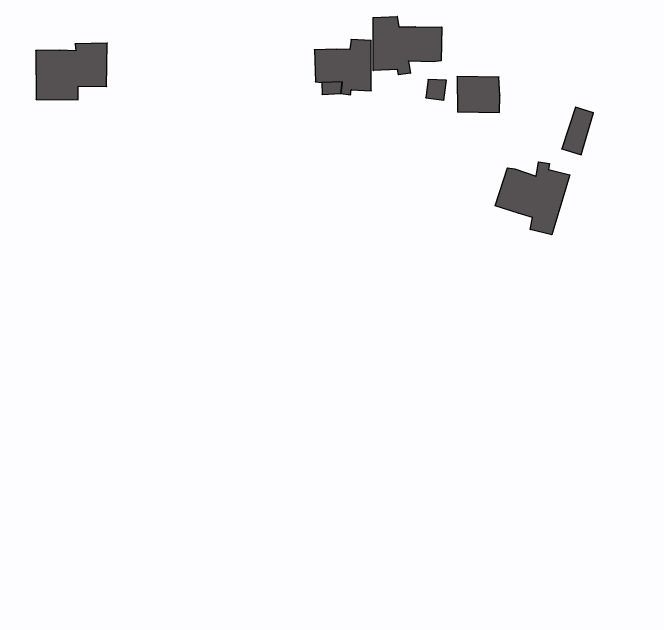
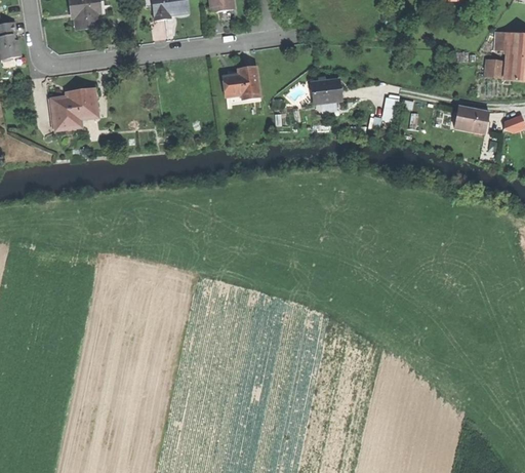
building: [373,16,442,75] -> none
building: [495,162,570,235] -> none

